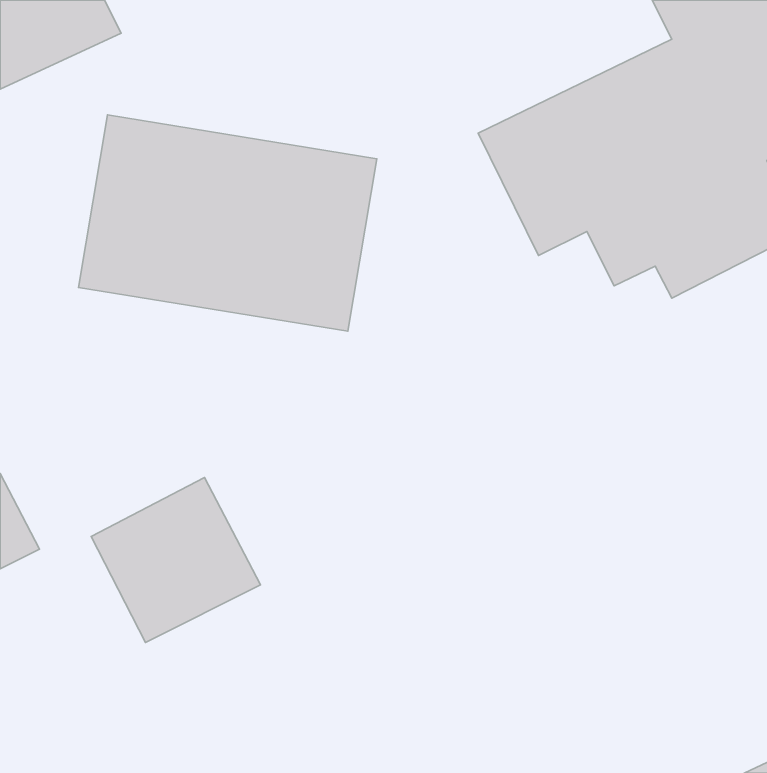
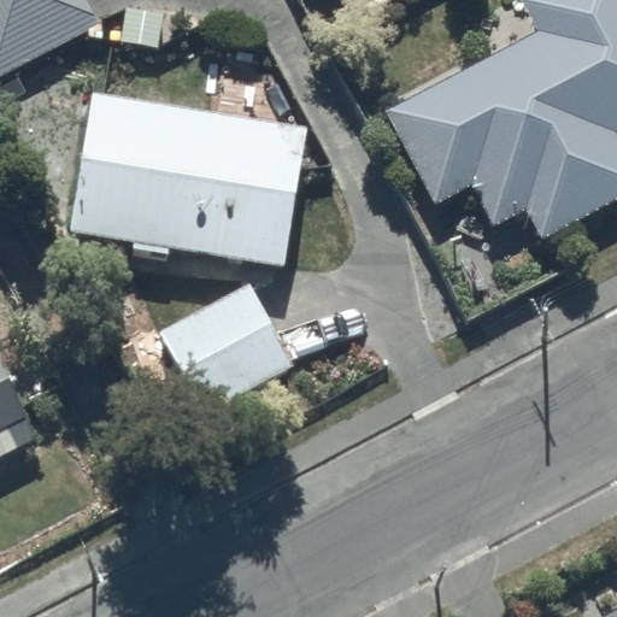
building: [91,478,261,642] -> [159,280,294,411]

